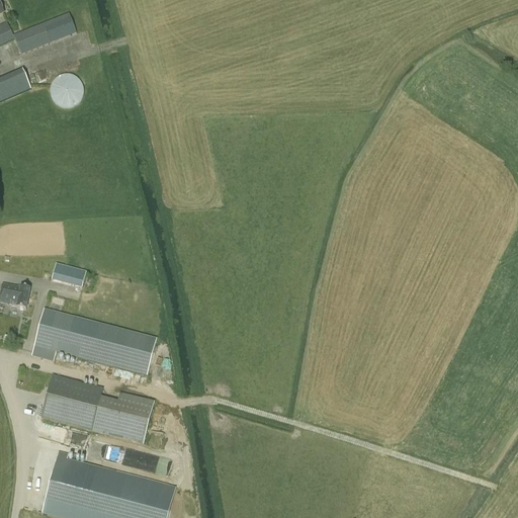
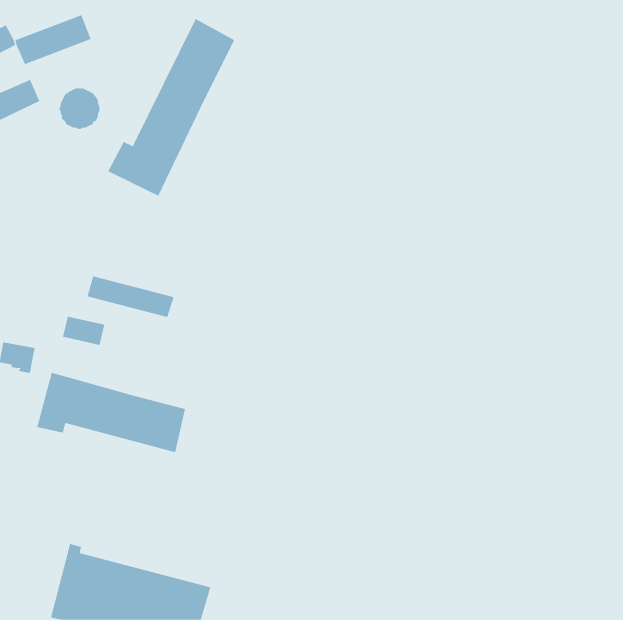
building: none -> [107,18,235,196]
building: none -> [87,275,174,318]
building: [40,375,153,443] -> none

